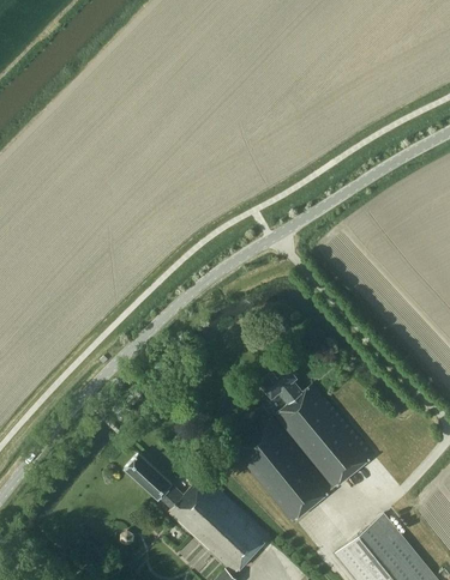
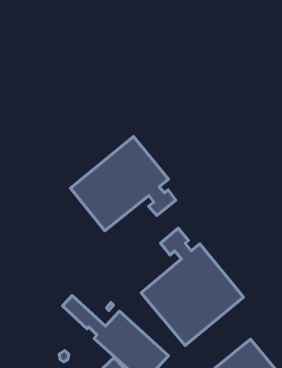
building: none -> [70,137,176,231]

